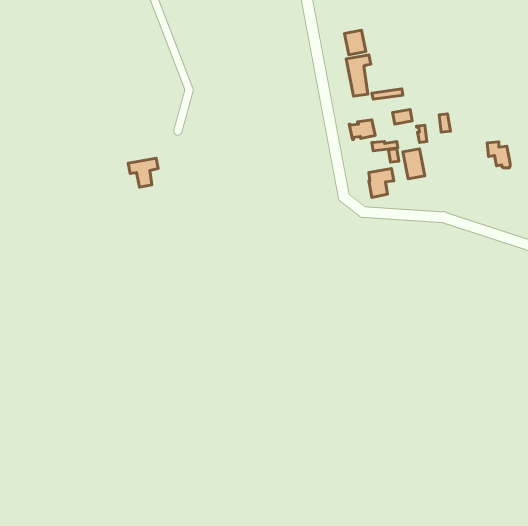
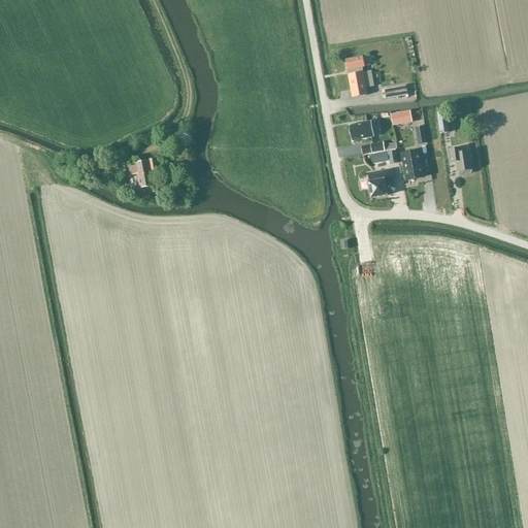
building: [345,30,366,55] -> none
building: [487,142,510,168] -> [450,146,472,172]

